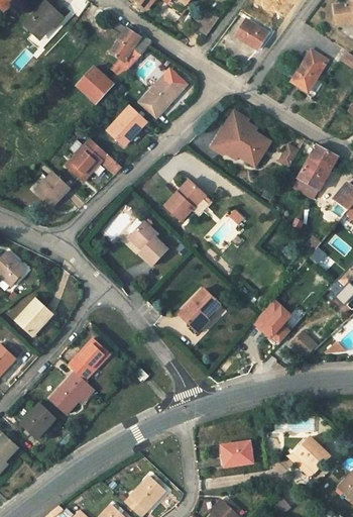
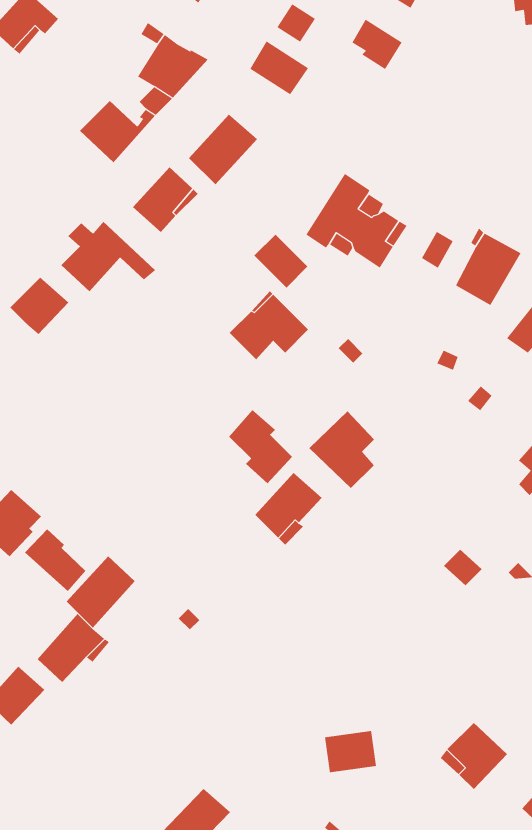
building: none -> [249,41,309,95]
building: [290,49,327,98] -> none
building: none -> [254,234,308,288]
building: [129,221,167,266] -> [228,409,293,484]
building: [249,297,288,343] -> [308,411,375,489]
building: none -> [24,528,86,592]

